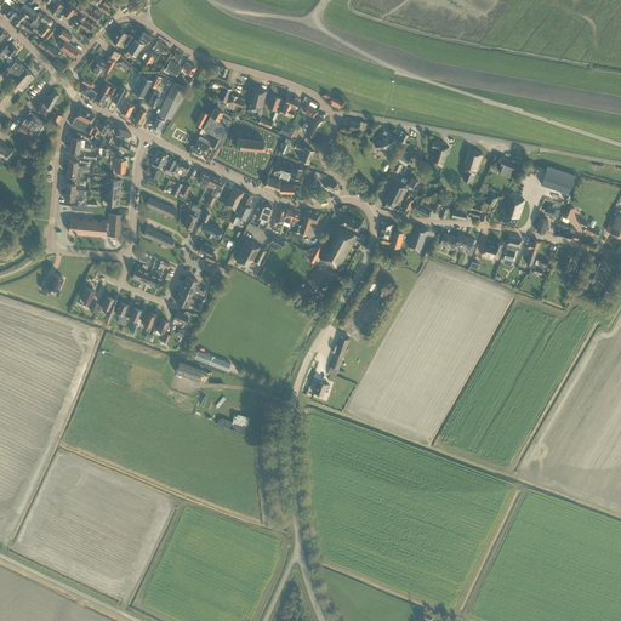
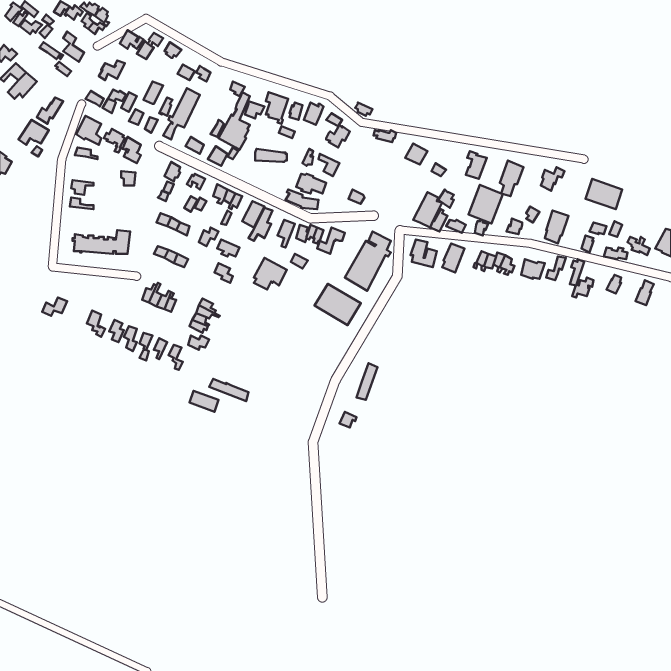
building: none -> [468,185,503,223]
building: none -> [314,284,361,325]

